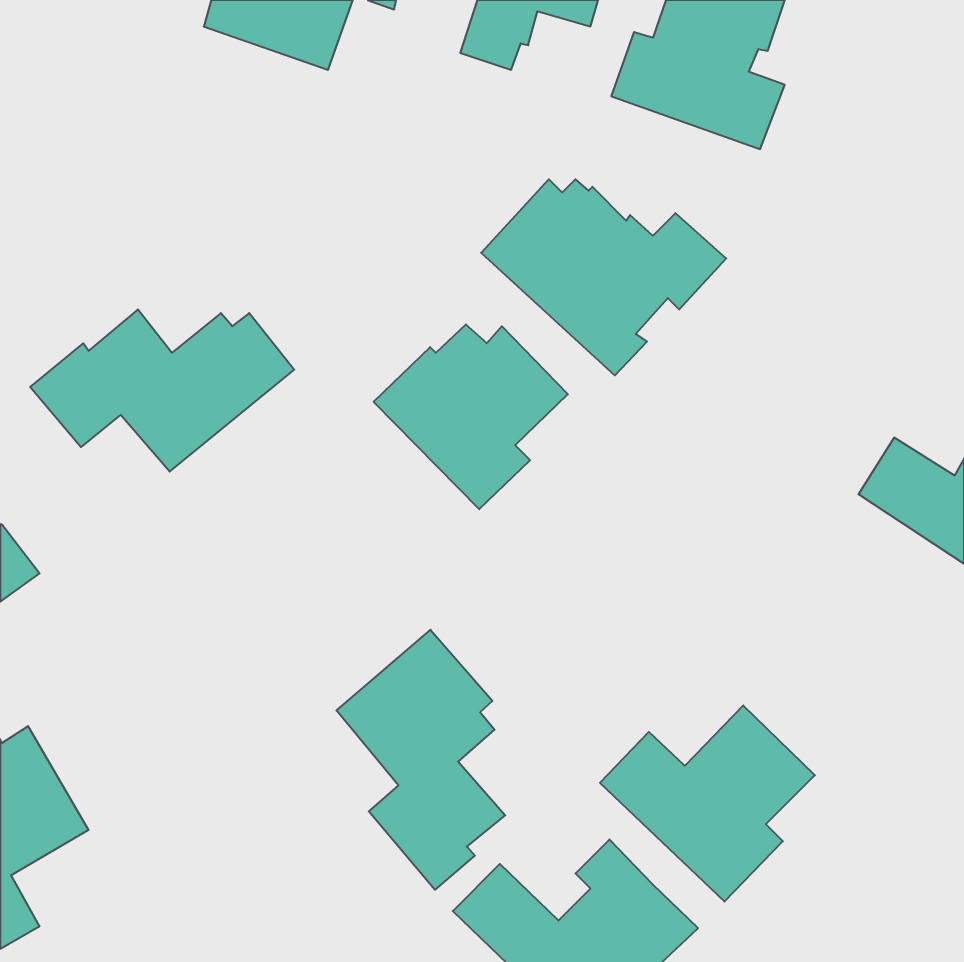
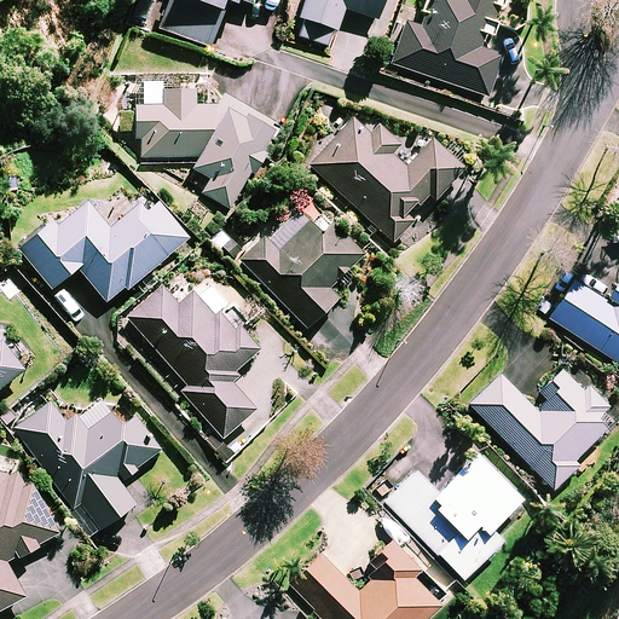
building: none -> [134,80,276,208]
building: none -> [127,284,260,438]
building: none -> [470,369,608,488]
building: none -> [15,399,158,531]
building: [336,630,505,890] -> none

